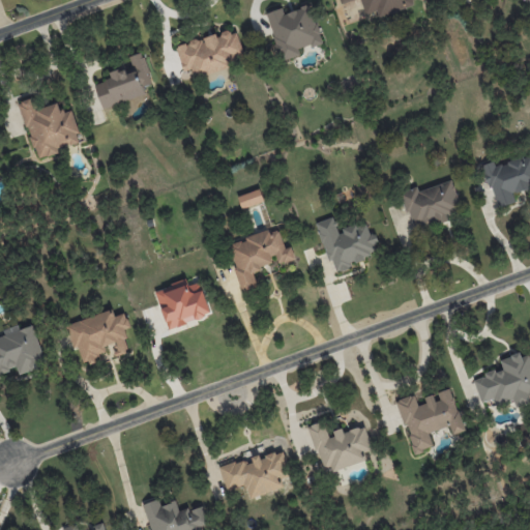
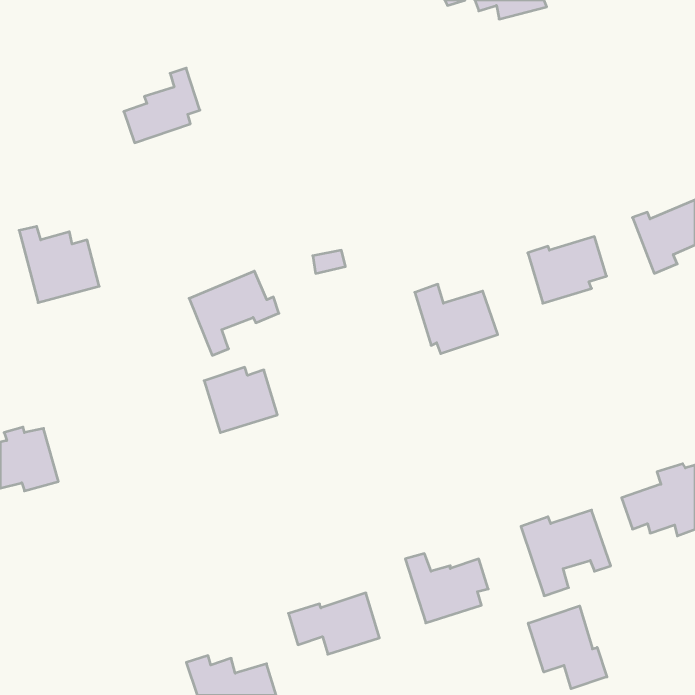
building: [266,5,322,62] -> none
building: [176,30,244,73] -> none
building: [20,98,81,156] -> [19,226,99,303]
building: [227,227,295,291] -> [189,271,279,355]
building: [67,311,129,366] -> none
building: none -> [528,606,607,689]

